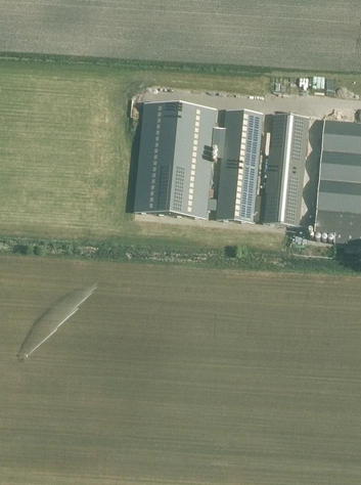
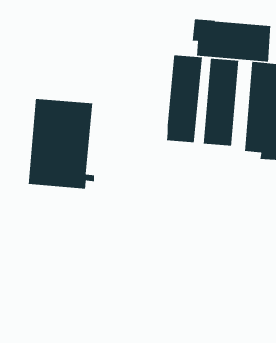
building: none -> [192,18,271,62]
building: [134,102,218,217] -> [28,98,95,189]

